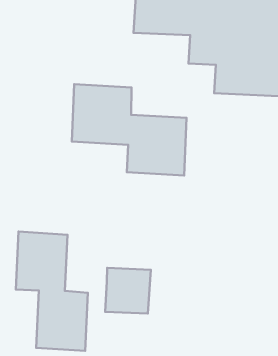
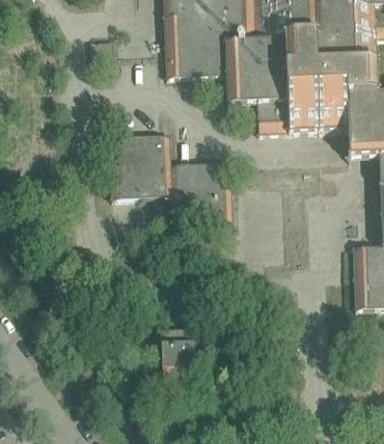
building: [16,231,88,351] -> none

